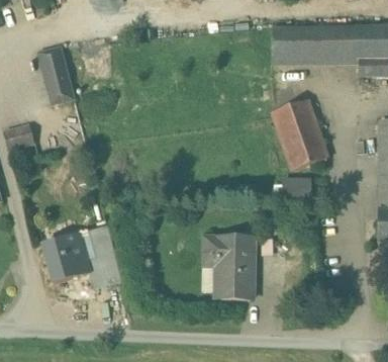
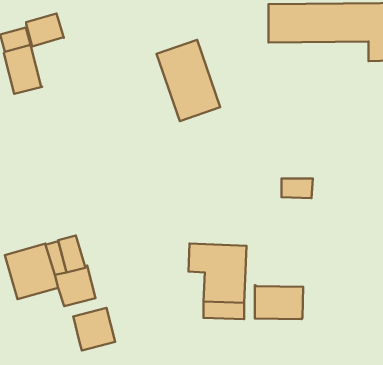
building: none -> [26,13,64,46]
building: [272,98,327,169] -> [156,40,220,121]
building: none -> [255,285,303,319]
building: none -> [73,308,115,350]

